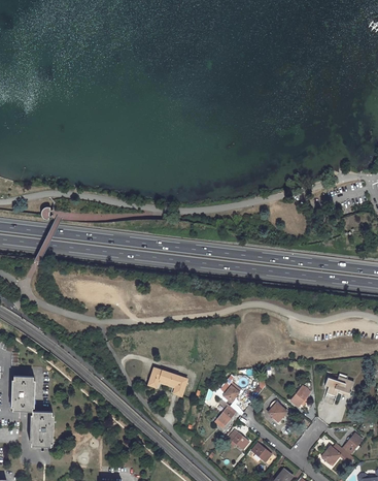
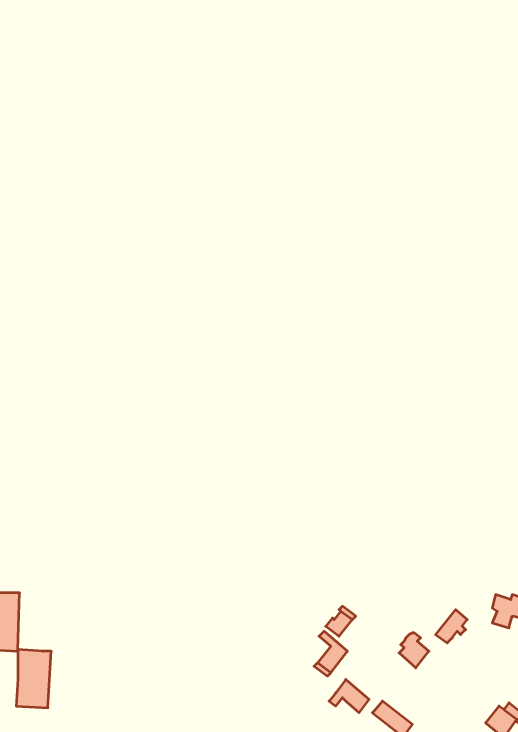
building: [149,368,188,395] -> none

